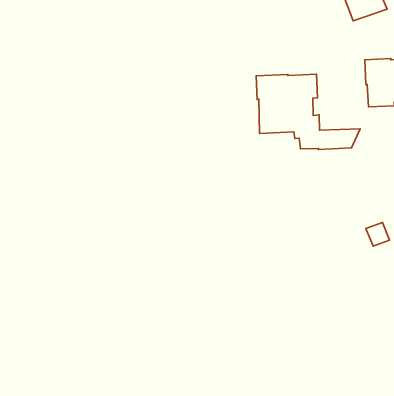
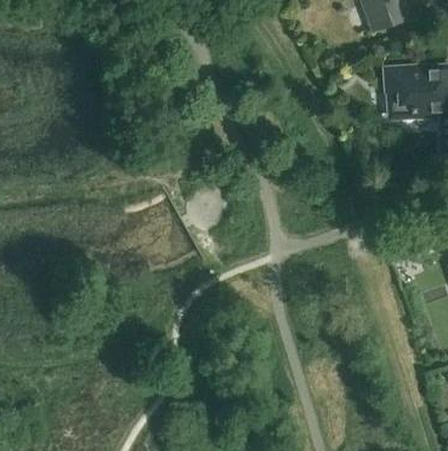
building: [256,74,360,149] -> none

